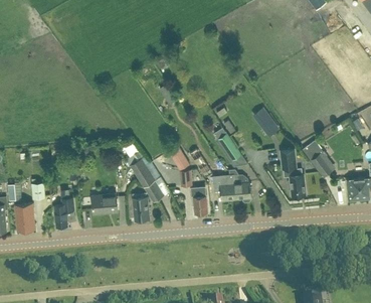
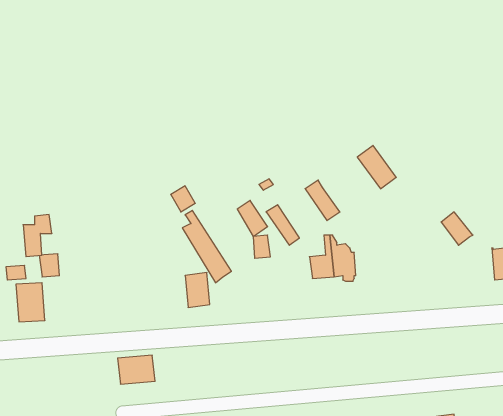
building: [281,148,306,194] -> none
building: [191,185,208,212] -> none
building: [91,192,118,212] -> [118,355,155,384]
building: [54,196,74,225] -> [23,215,52,257]

